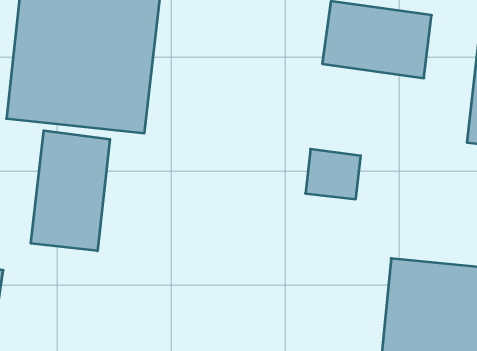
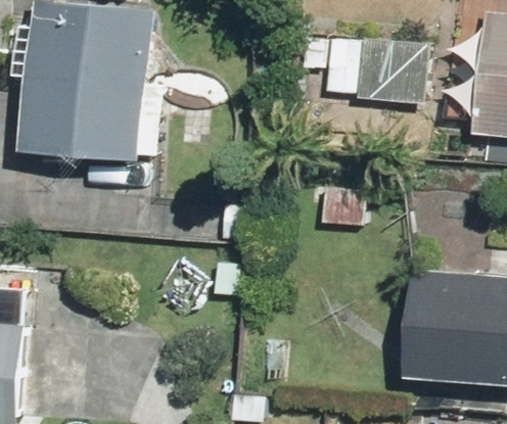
building: [31,131,110,251] -> none

